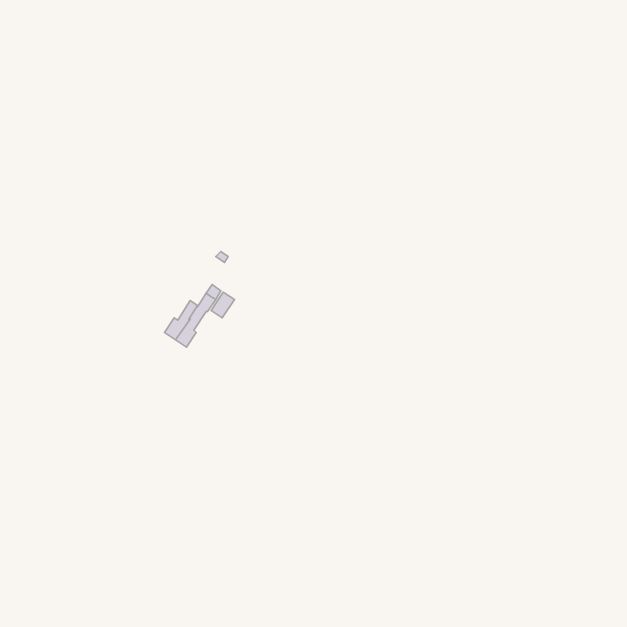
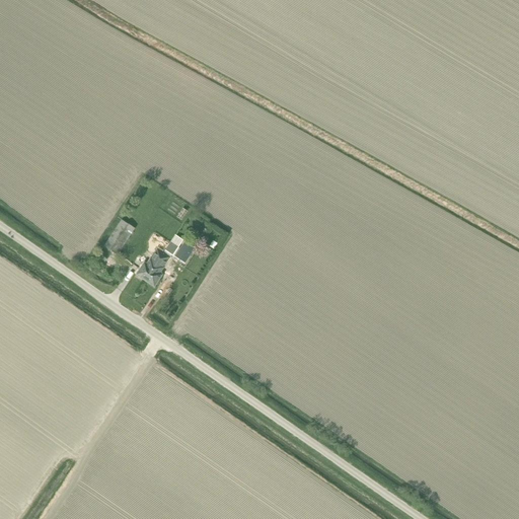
building: none -> [104,220,135,254]

